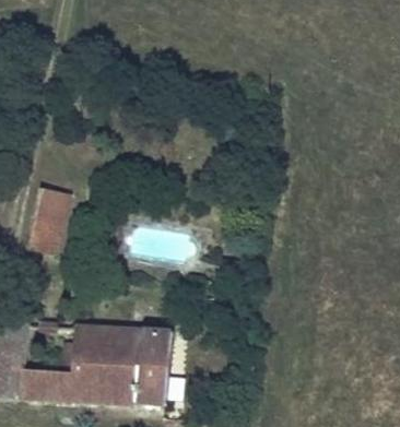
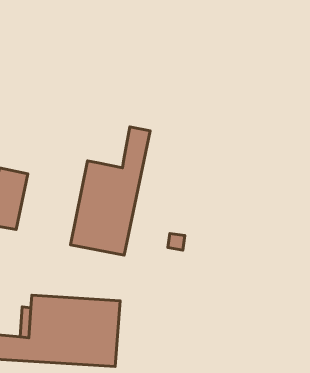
building: none -> [70,127,150,255]

